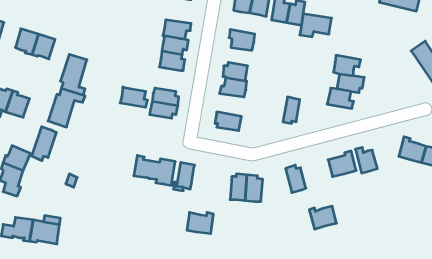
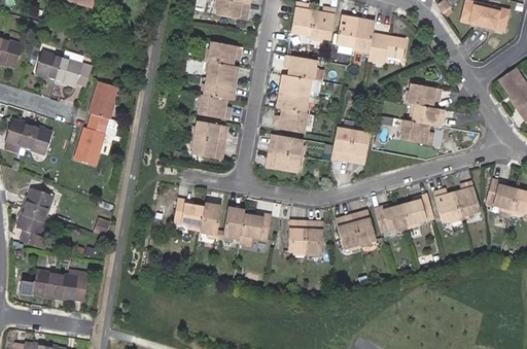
building: none -> [281,73,310,96]
building: [120,87,148,107] -> [199,96,231,119]
building: none -> [330,129,353,161]
building: none -> [271,134,303,154]
building: [32,127,56,161] -> none
building: none -> [452,182,479,215]
building: none -> [335,215,358,247]
building: [309,206,337,229] -> [374,205,406,232]
building: [187,212,213,234] -> [241,214,272,239]

